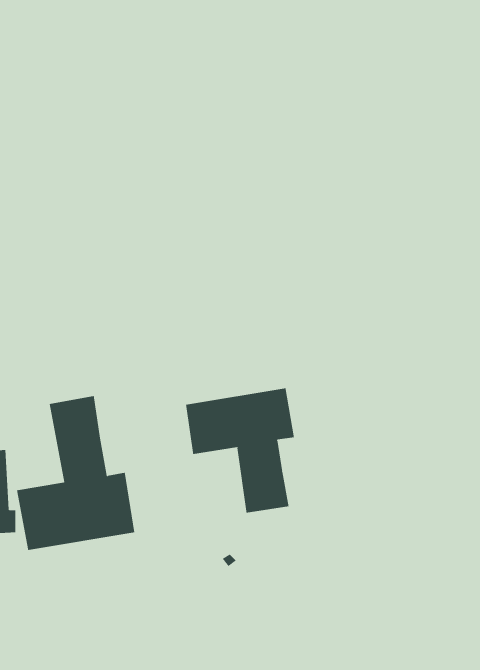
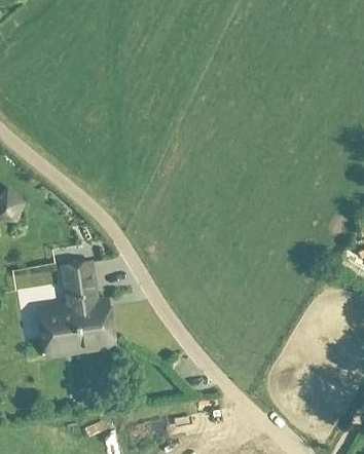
building: [185,387,294,514] -> none

